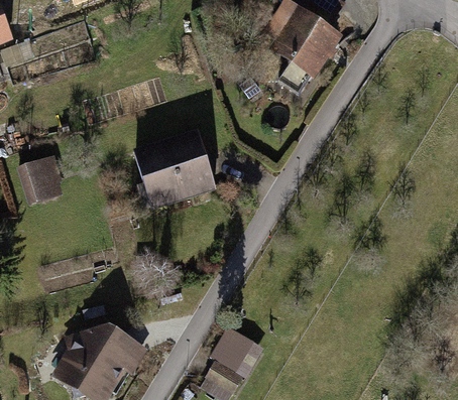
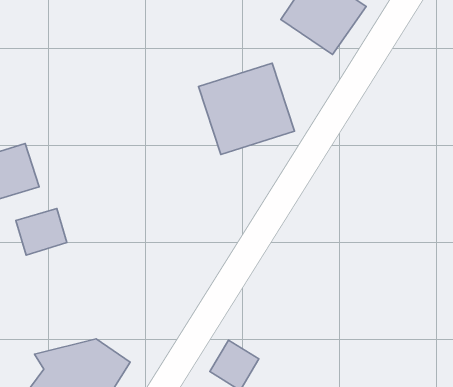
building: [132,128,215,207] -> [199,63,294,154]
building: none -> [16,209,67,255]

